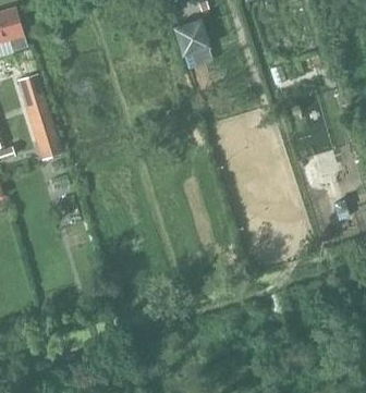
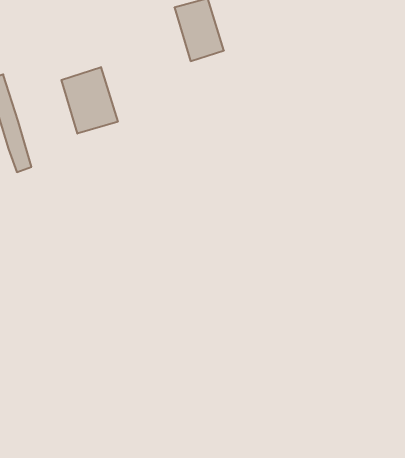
building: none -> [61,67,118,134]

